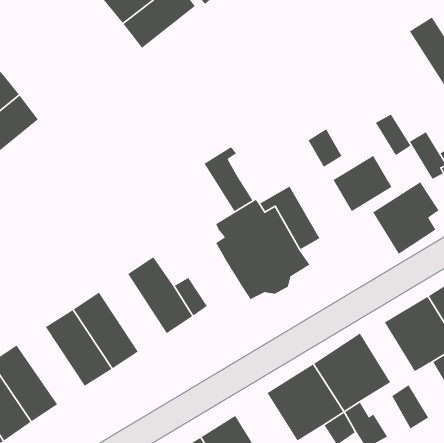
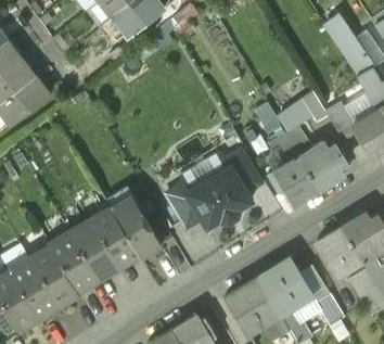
building: [203,146,253,212] -> [164,176,201,225]
building: none -> [269,163,318,213]
building: none -> [97,208,146,266]
building: none -> [36,247,86,305]

